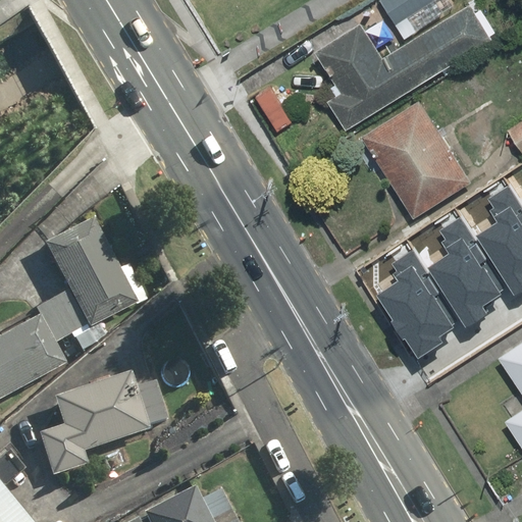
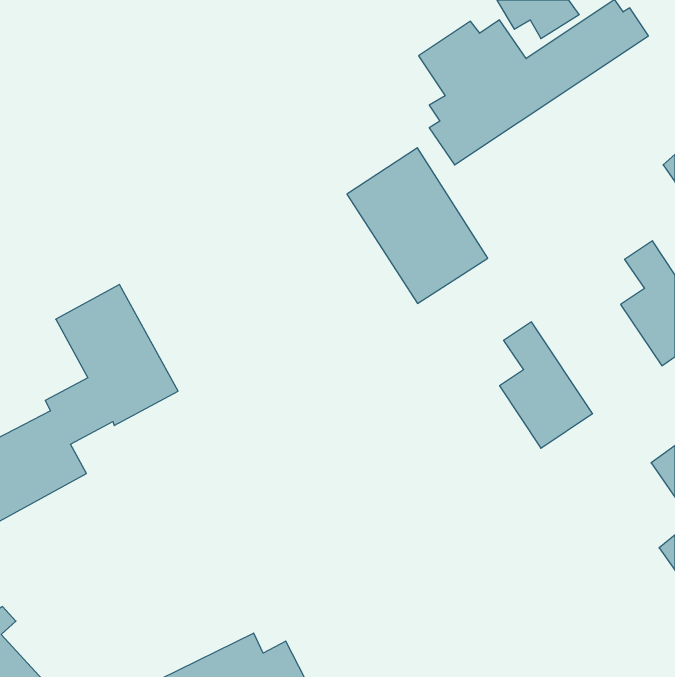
building: [365,96,473,215] -> [347,148,488,303]
building: [430,218,502,315] -> none
building: [39,376,163,478] -> none

